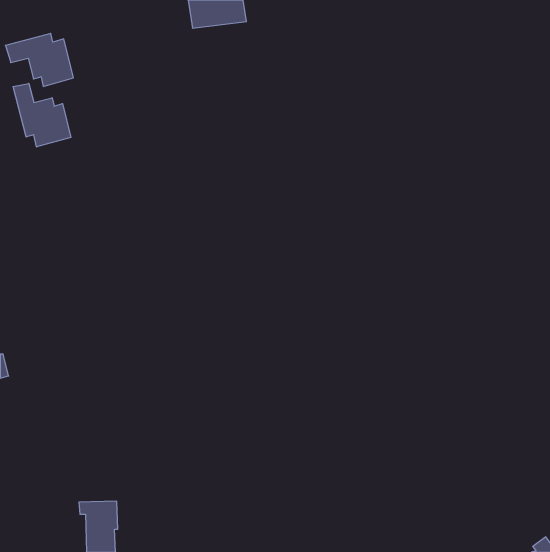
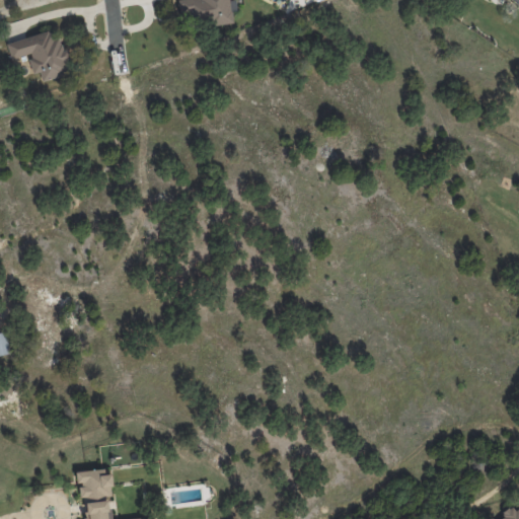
building: [13,83,71,147] -> none

